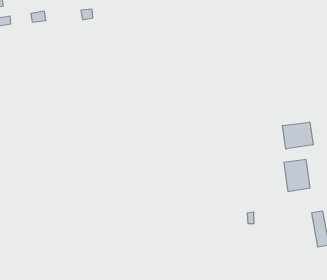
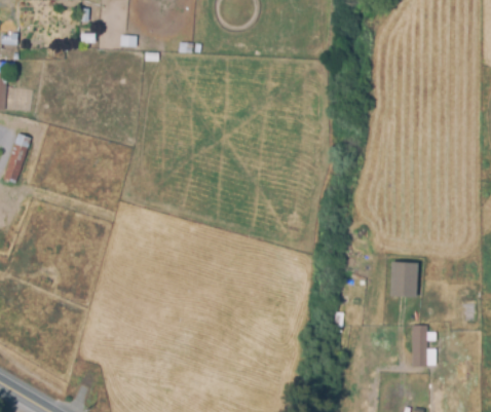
building: [283,122,313,149] -> none

